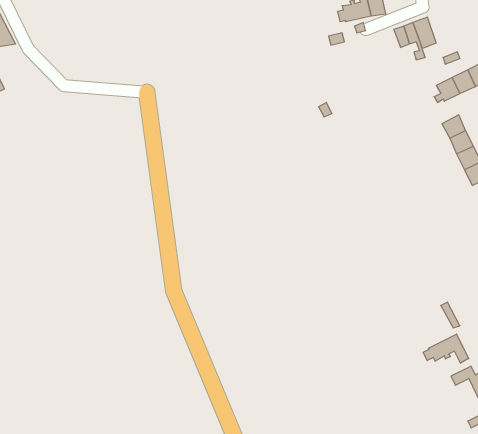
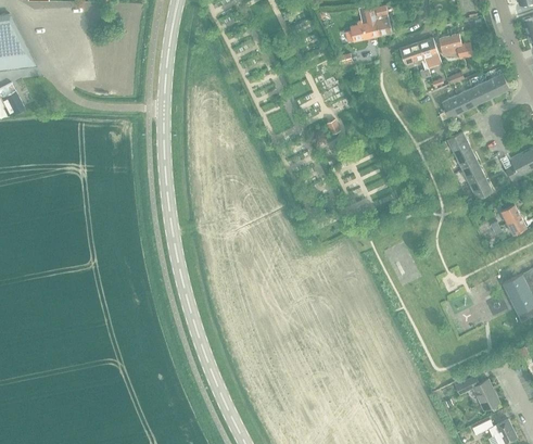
building: none -> [437,34,472,59]
building: [423,334,469,363] -> none

